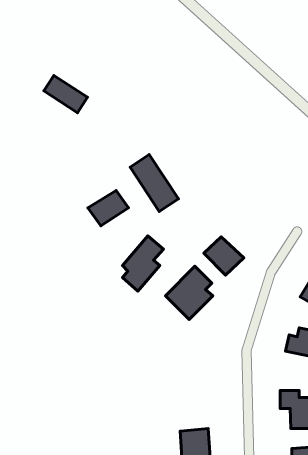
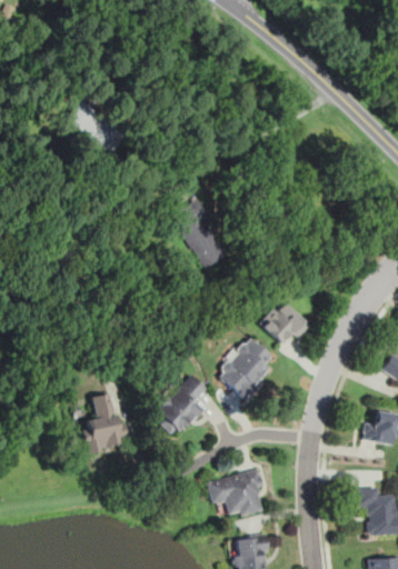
building: [88,191,128,226] -> none
building: [123,236,163,291] -> [157,372,207,440]
building: none -> [79,395,128,455]
building: none -> [207,470,266,518]

